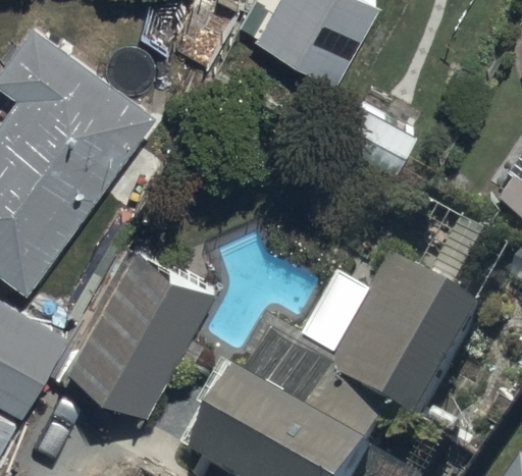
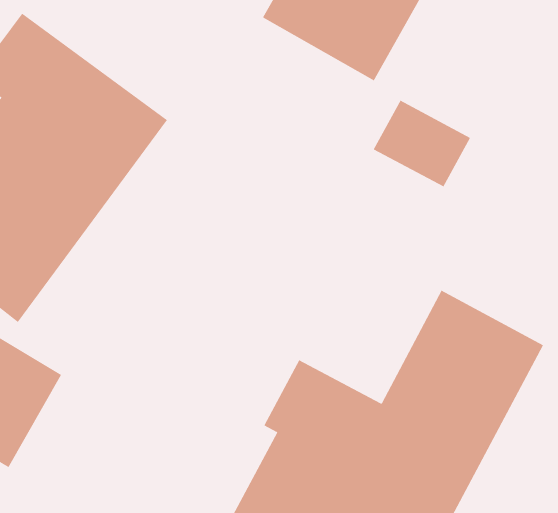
building: [67,252,213,418] -> none

